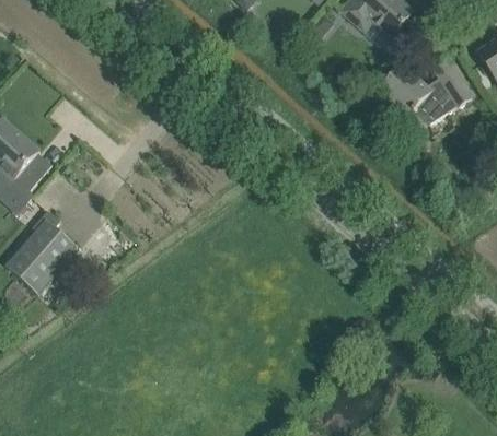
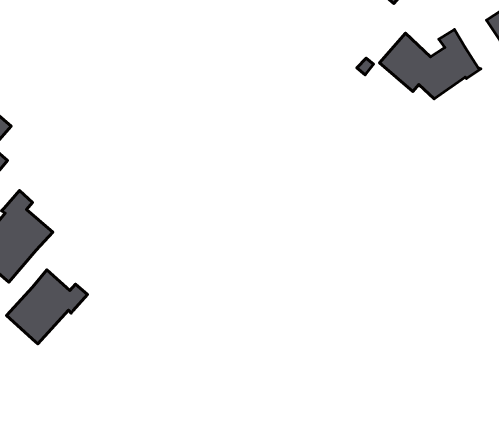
building: none -> [6,270,87,344]

